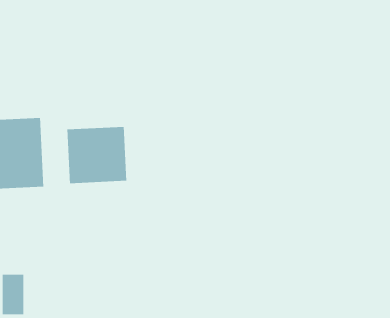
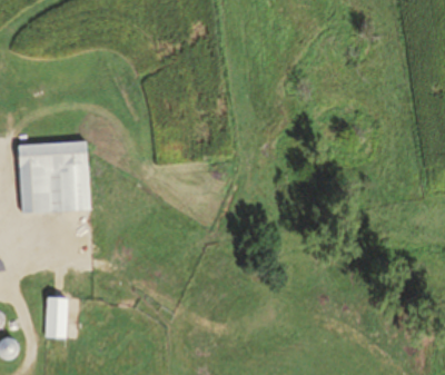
building: [66,126,127,184] -> none

